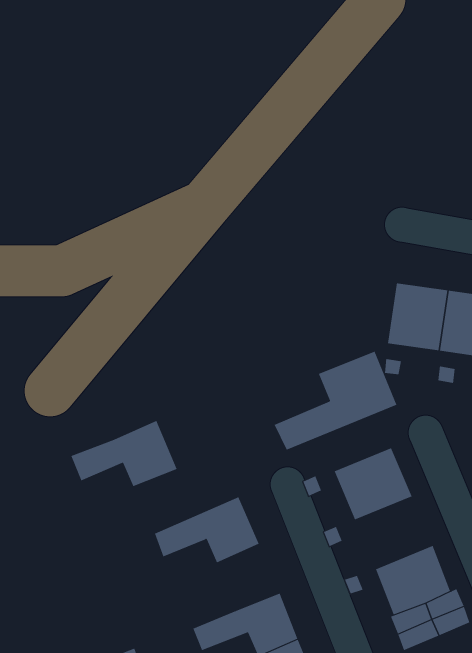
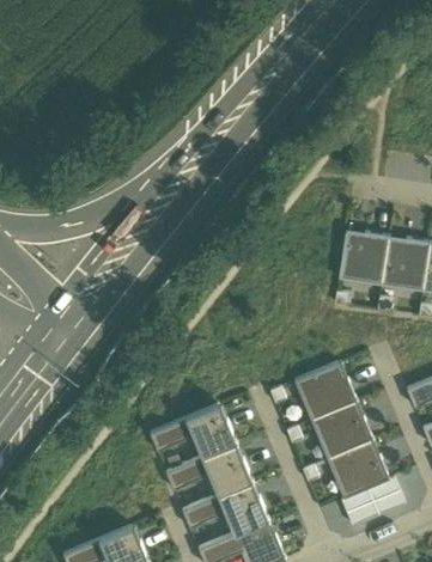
building: [274,351,397,451] -> none
building: [71,420,178,487] -> [165,440,251,494]
building: none -> [311,402,375,460]

